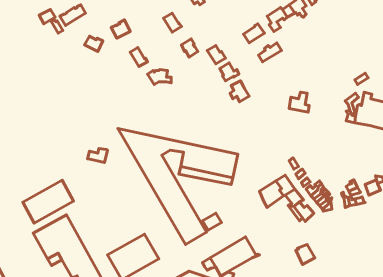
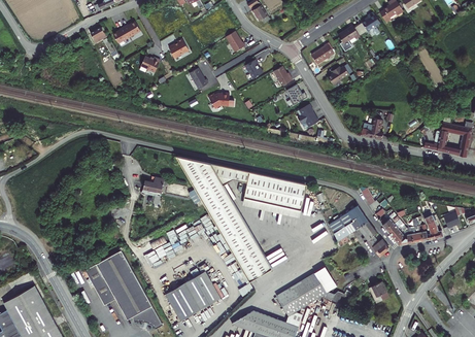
building: [23,180,74,223] -> none

